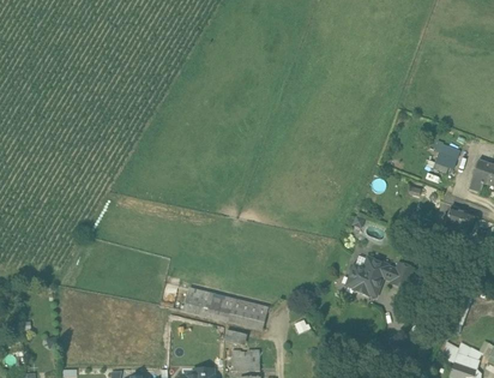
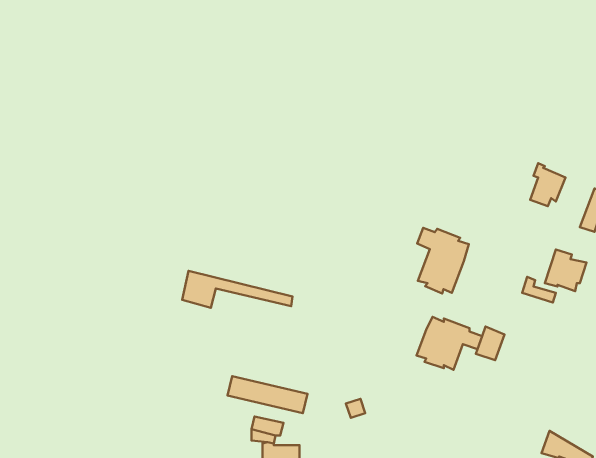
building: none -> [417,228,469,294]
building: [185,287,267,314] -> [182,271,293,308]

